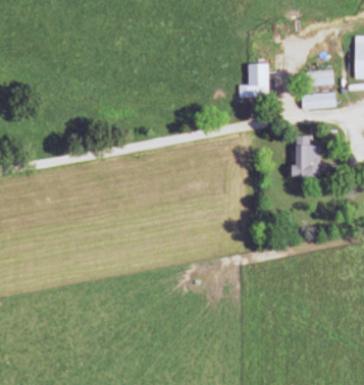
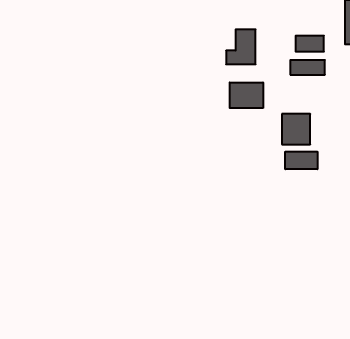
building: none -> [230,82,263,108]
building: none -> [285,152,317,169]

